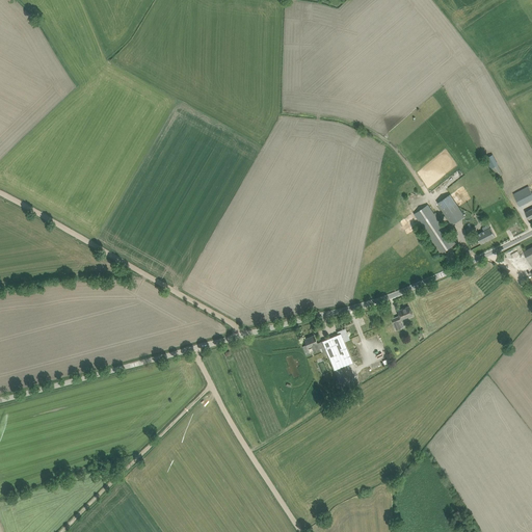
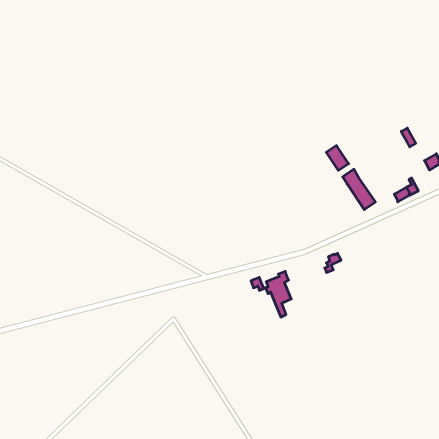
building: [437,194,464,224] -> [326,146,349,170]

